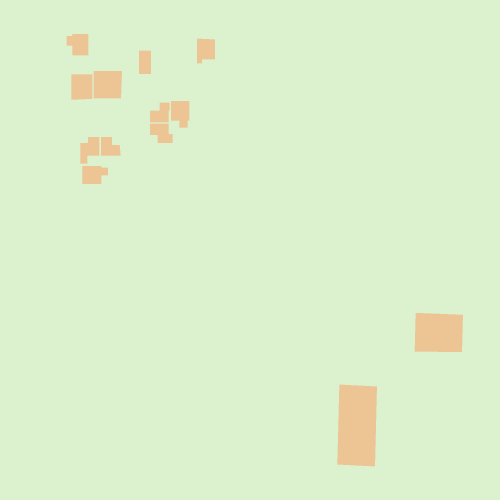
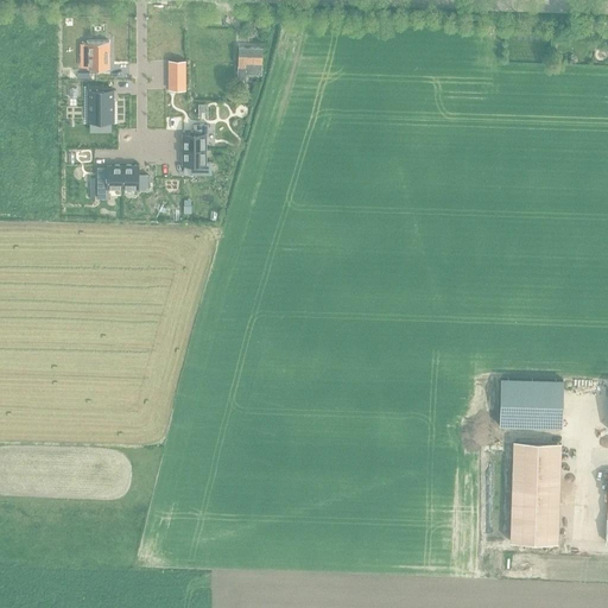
building: [93,70,122,99] -> none
building: [171,100,190,129] -> none
building: [82,165,109,185] -> none
building: [337,384,378,467] -> [509,444,559,544]

